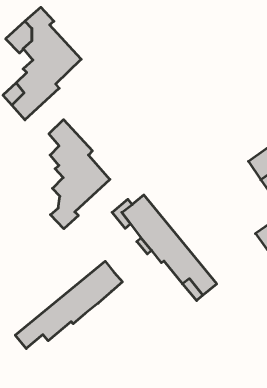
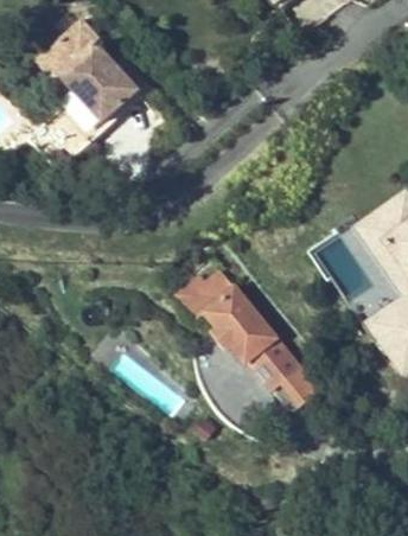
building: [49,120,110,229] -> none
building: [15,261,122,349] -> none

